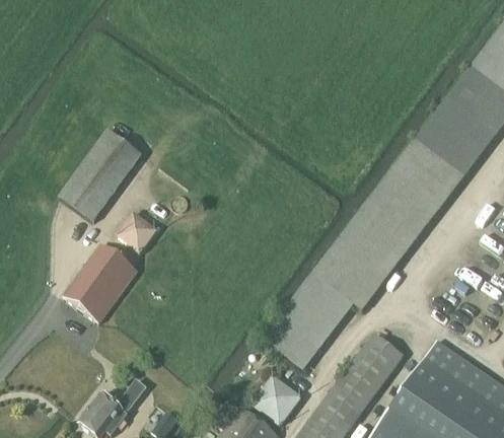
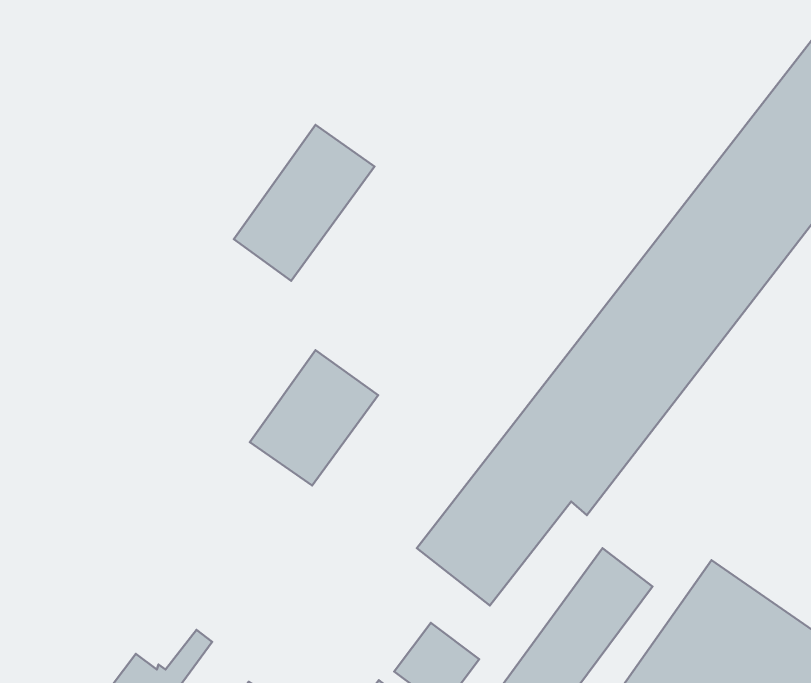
building: [59,130,141,221] -> [234,125,374,281]
building: [116,211,156,251] -> none
building: [62,242,137,321] -> [250,350,378,485]

